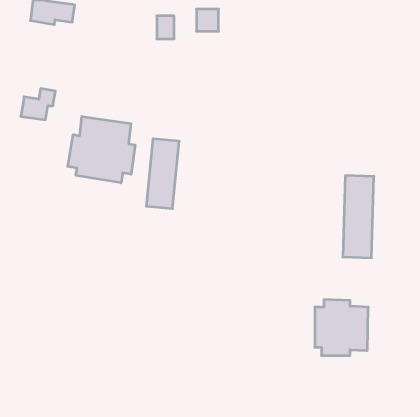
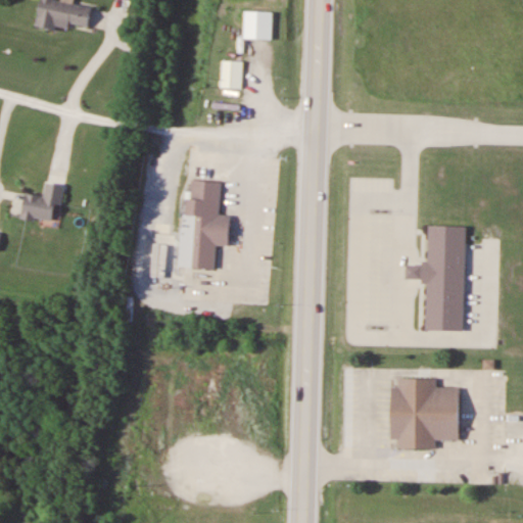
building: [157,16,174,39] -> [222,63,243,92]
building: [21,89,55,120] -> [22,186,65,225]
building: [68,116,135,183] -> none

